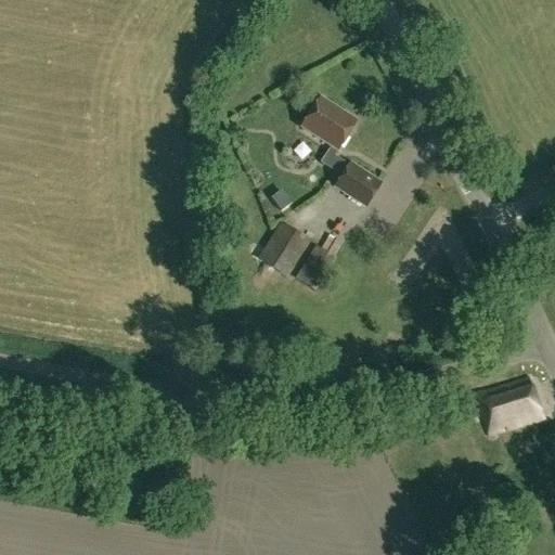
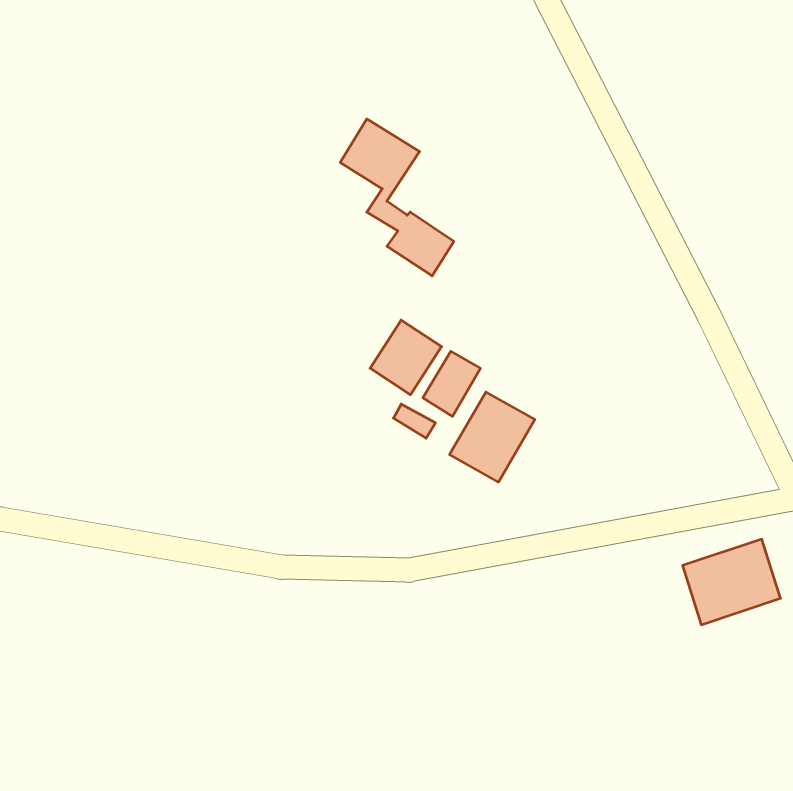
building: [302,96,382,206] -> [340,119,454,276]
building: none -> [450,392,535,482]

